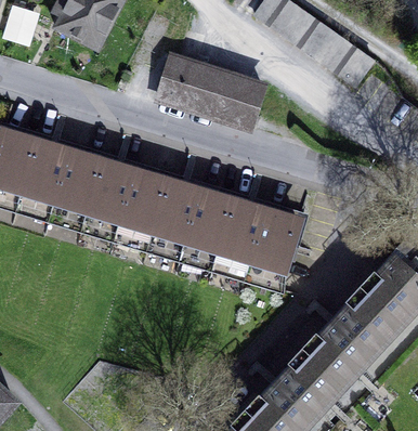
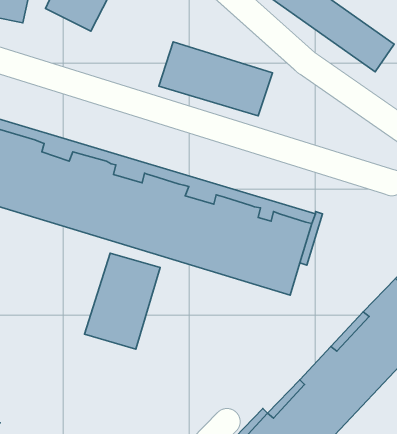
building: none -> [84,253,160,349]

